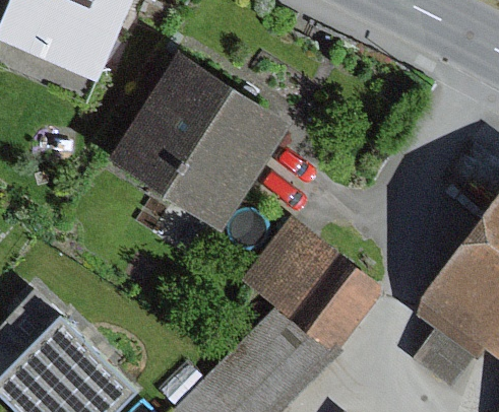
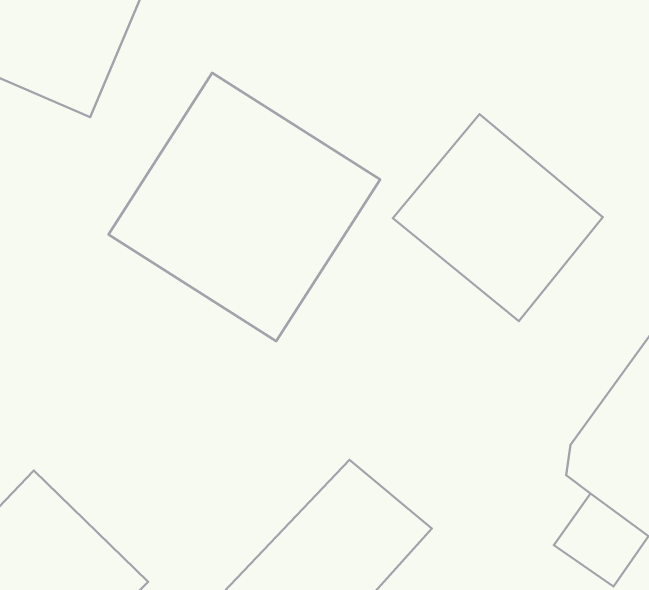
building: none -> [393,114,603,321]
building: [238,217,380,354] -> none

